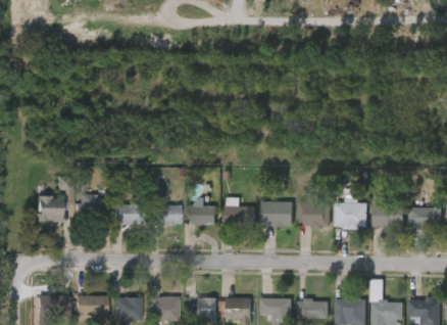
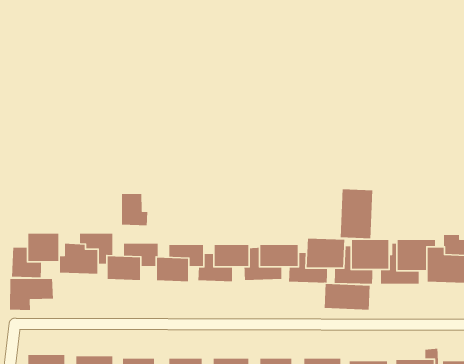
building: none -> [340,189,373,239]
building: none -> [121,193,148,226]
building: none -> [9,278,54,311]
building: none -> [324,283,370,310]

